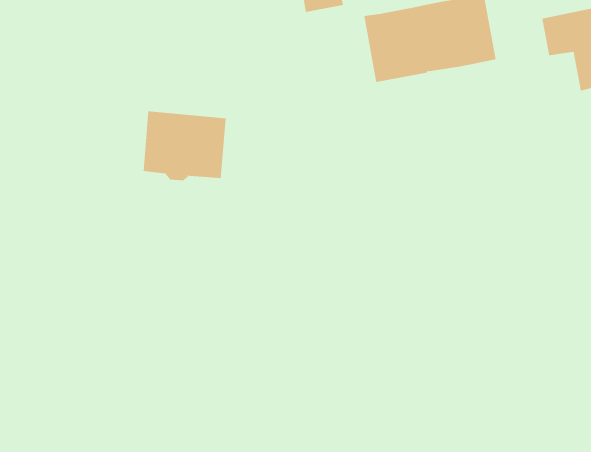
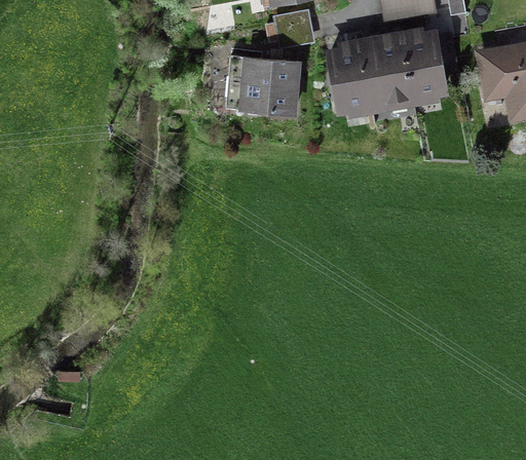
building: [143,111,226,181] -> [227,55,298,115]

